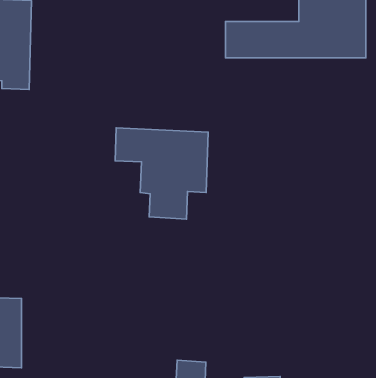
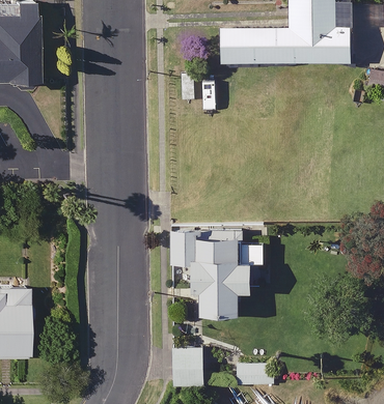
building: [115,128,208,219] -> [170,231,258,317]

